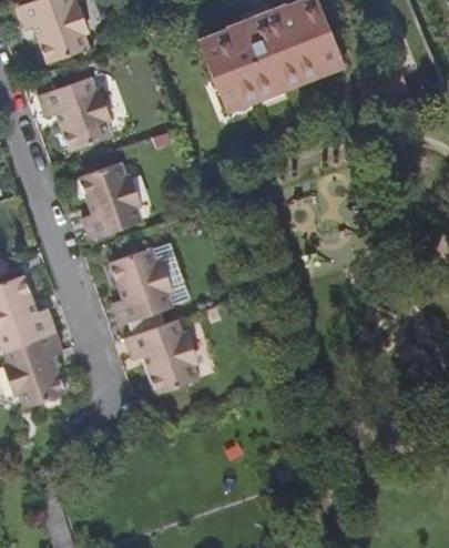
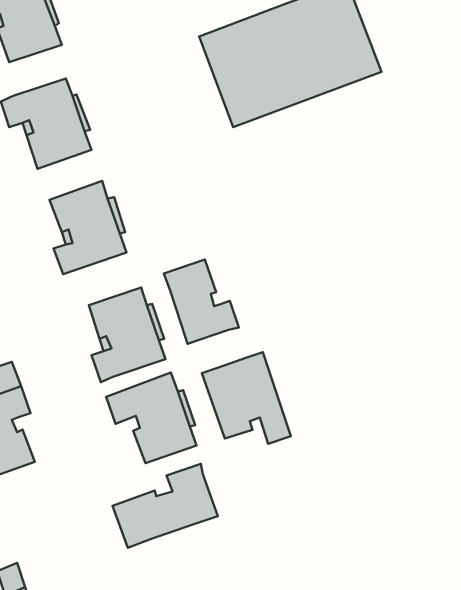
building: none -> [164,259,239,344]
building: none -> [202,352,291,444]
building: none -> [113,464,218,548]

